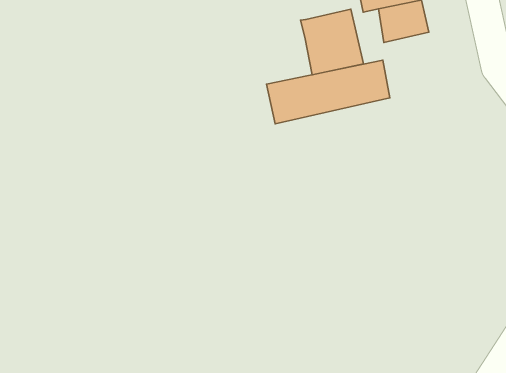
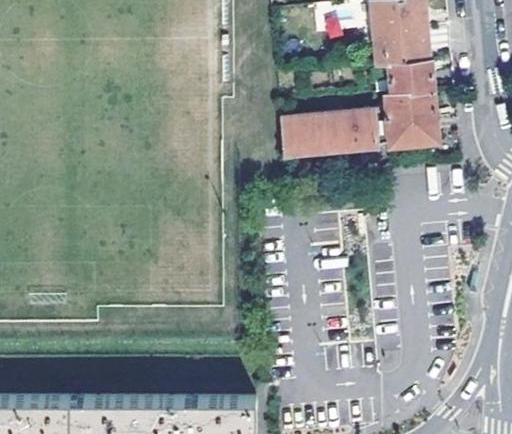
building: [300,9,364,75] -> [386,87,438,142]

